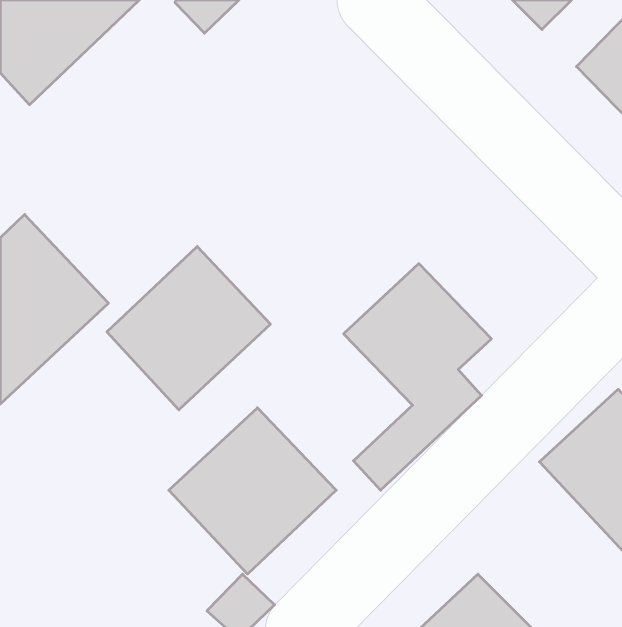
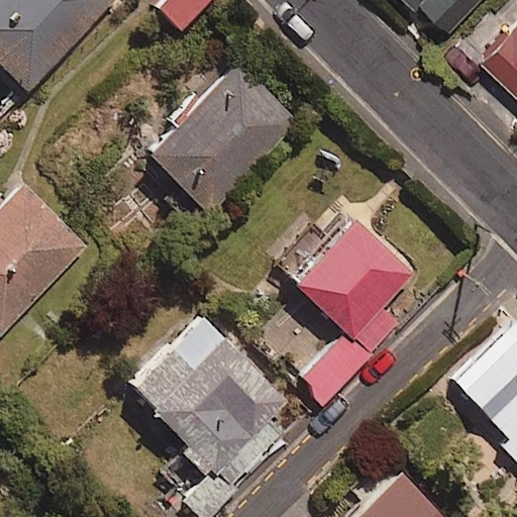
building: none -> [144,60,297,210]
building: [107,246,270,410] -> none

